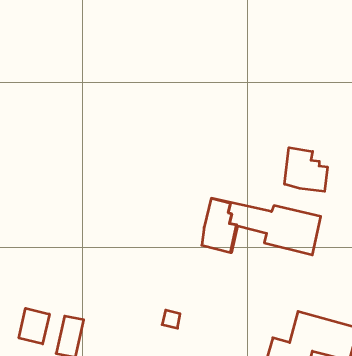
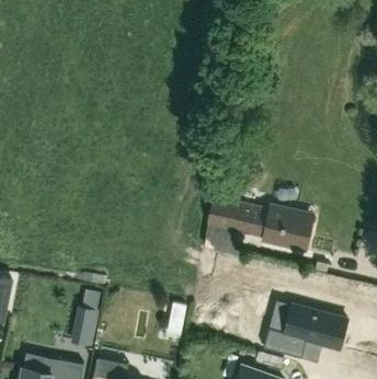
building: [285,148,327,191] -> none
building: [19,308,49,344] -> none

